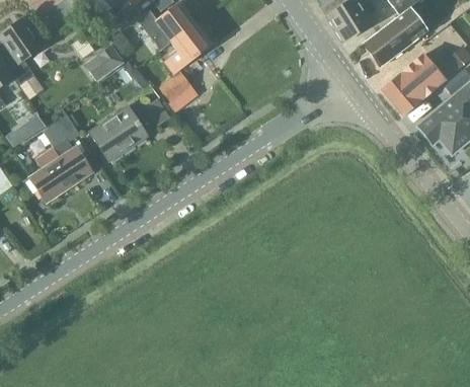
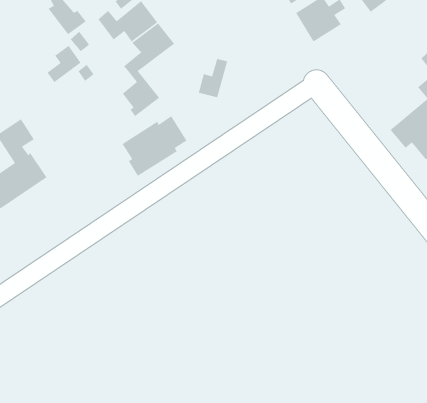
building: [363,9,427,68] -> none
building: [382,56,441,115] -> none
building: none -> [198,58,228,98]
building: [94,100,157,159] -> [122,115,187,177]

